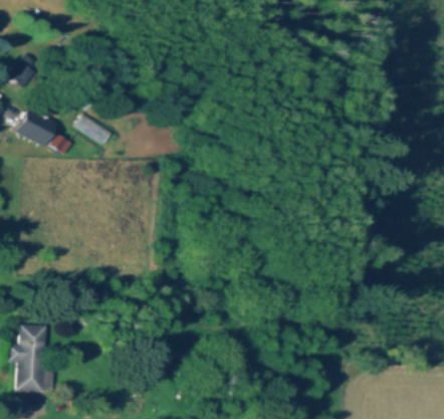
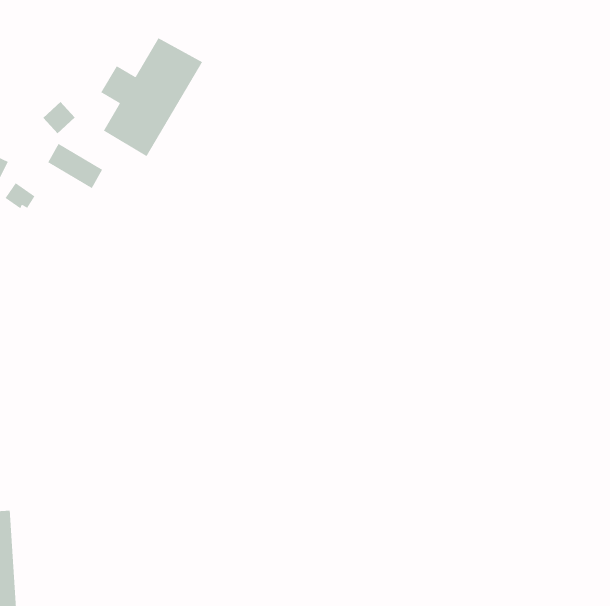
building: none -> [100,37,203,157]

